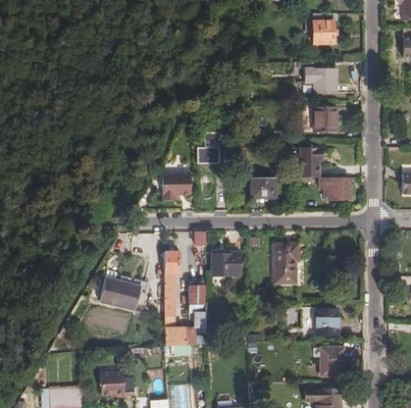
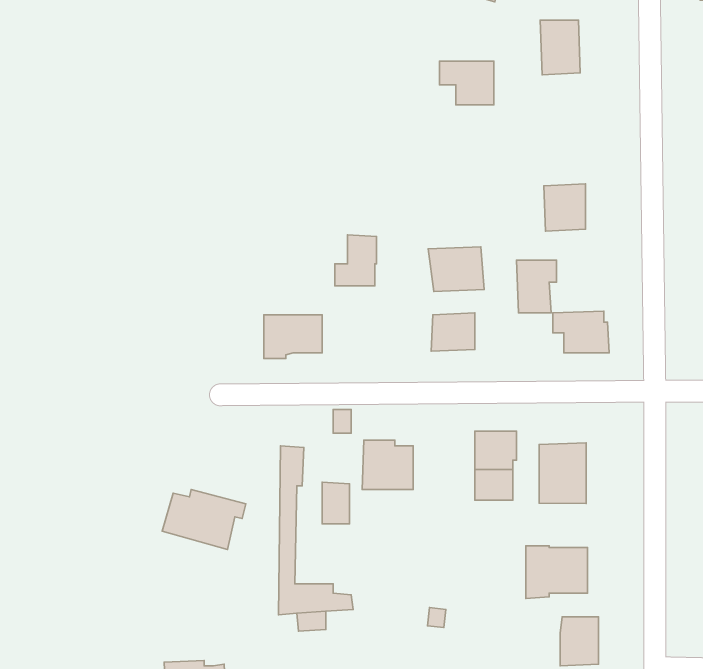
building: [305,67,336,92] -> [439,61,494,105]
building: none -> [428,247,484,292]
building: none -> [539,443,586,504]

